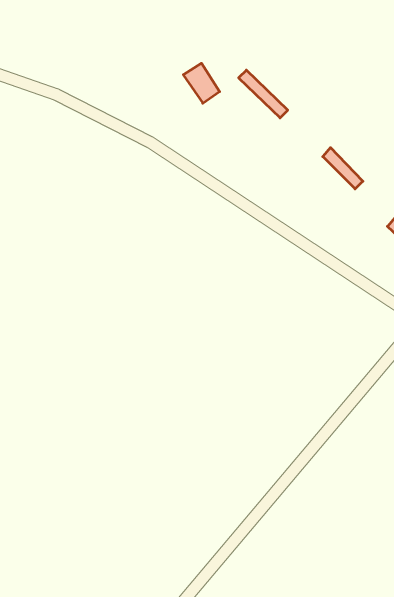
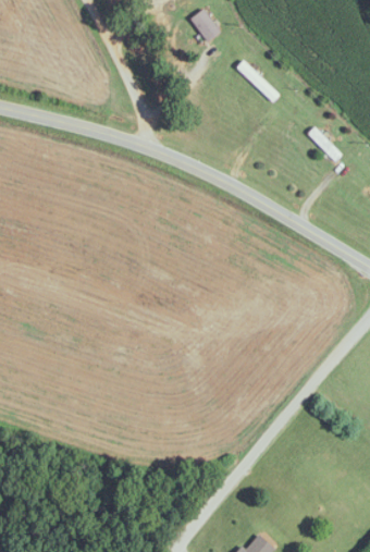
building: [183,63,220,103] -> [190,9,221,42]

